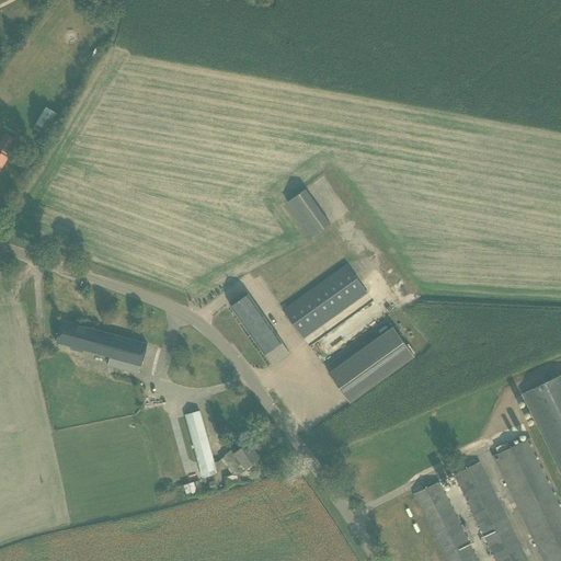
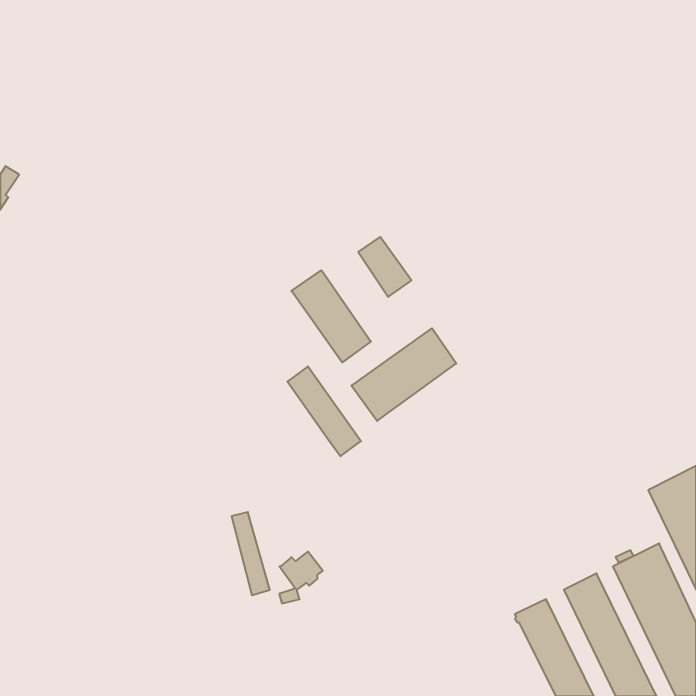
building: none -> [291,270,371,362]
building: [57,321,148,369] -> none
building: [329,328,414,403] -> none

